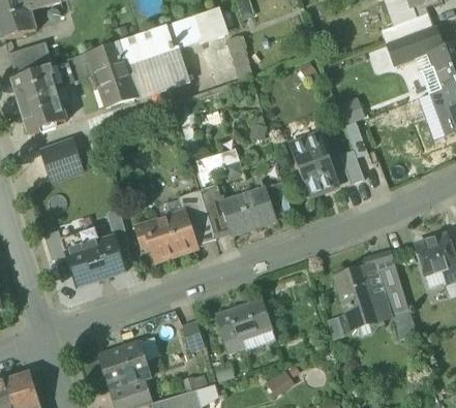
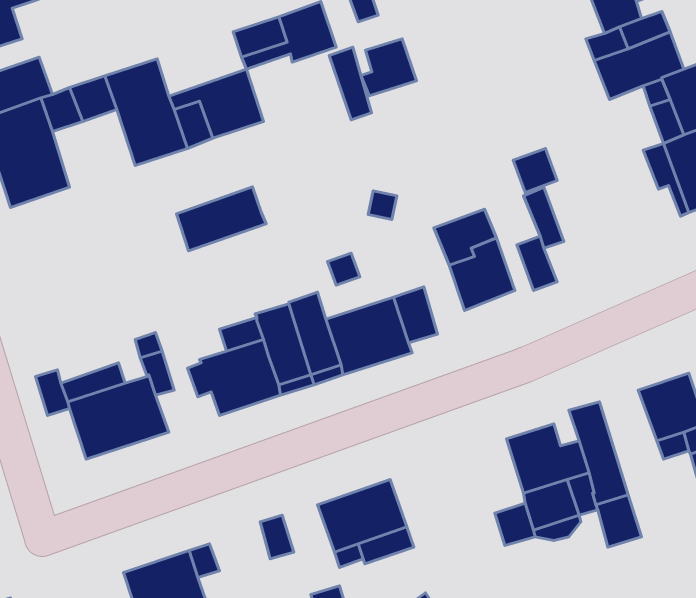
building: [119,25,174,64] -> [177,187,266,251]
building: none -> [361,39,417,96]
building: [40,137,81,179] -> none

